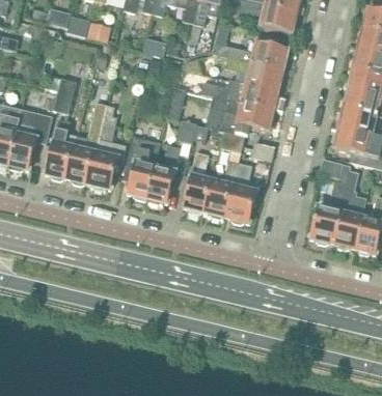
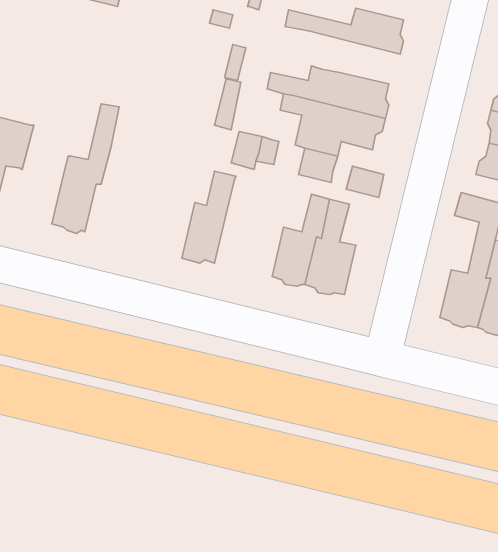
building: [224,56,284,89] -> none
building: [52,77,76,113] -> none
building: [85,104,126,189] -> none
building: [45,117,75,178] -> none
building: [122,134,161,199] -> none
building: [183,151,211,213] -> none

